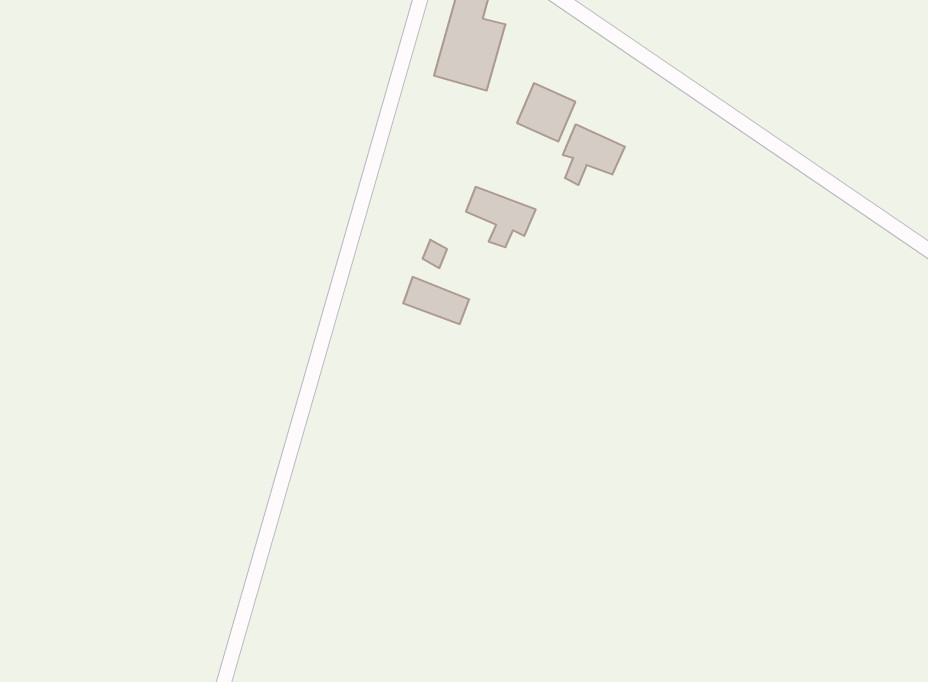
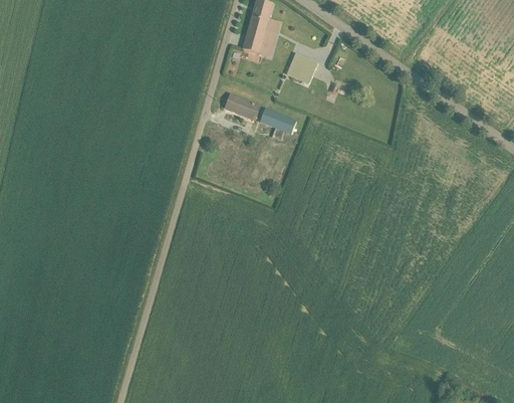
building: [563,124,625,185] -> none
building: [403,277,469,324] -> [225,93,260,119]

